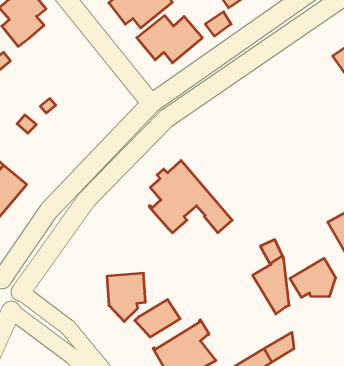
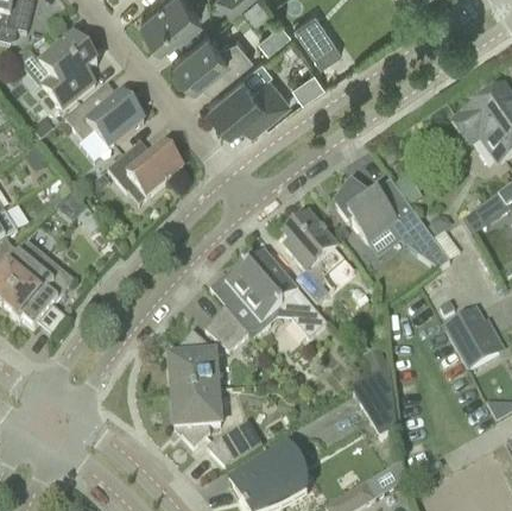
building: none -> [64,92,144,147]
building: none -> [107,140,183,197]
building: none -> [335,178,449,269]
building: none -> [284,214,335,302]
building: none -> [204,305,248,349]
building: none -> [169,329,217,391]
building: [290,258,336,297] -> none

